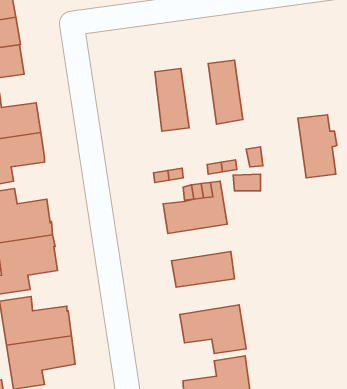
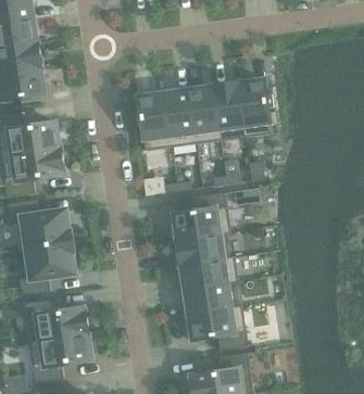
building: none -> [189,85,222,143]
building: none -> [136,92,172,150]
building: [298,115,337,178] -> [238,78,274,136]
building: none -> [176,231,235,265]
building: none -> [185,281,242,314]

